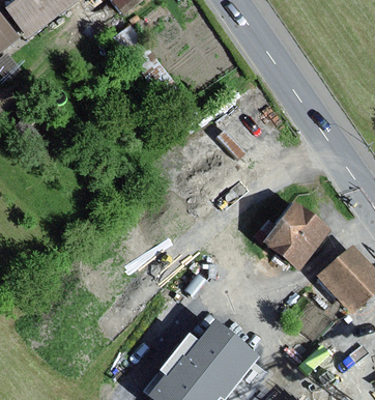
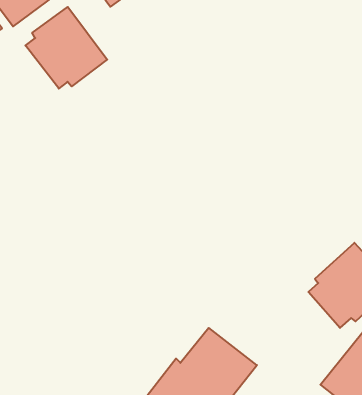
building: none -> [25,7,107,89]
building: [260,200,329,270] -> none

